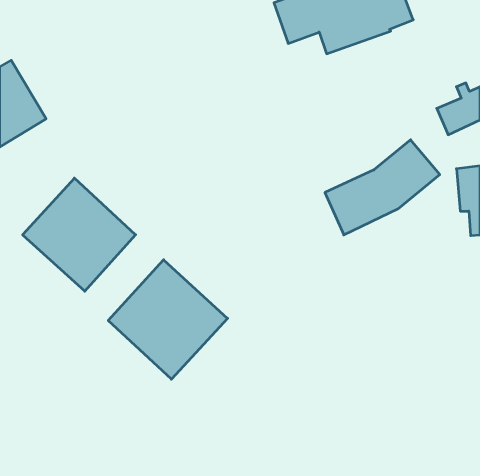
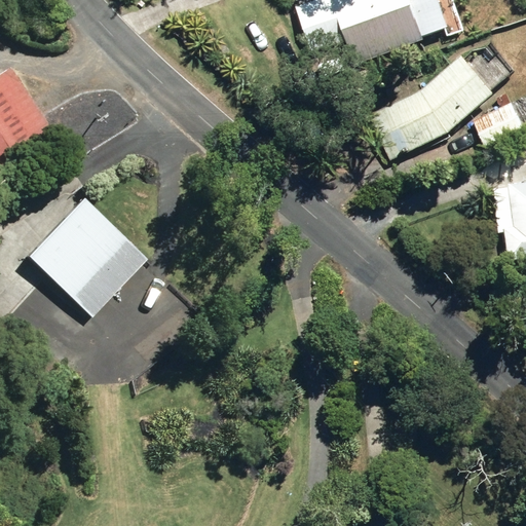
building: [325,140,440,235] -> [373,54,498,158]
building: [108,260,228,379] -> none

